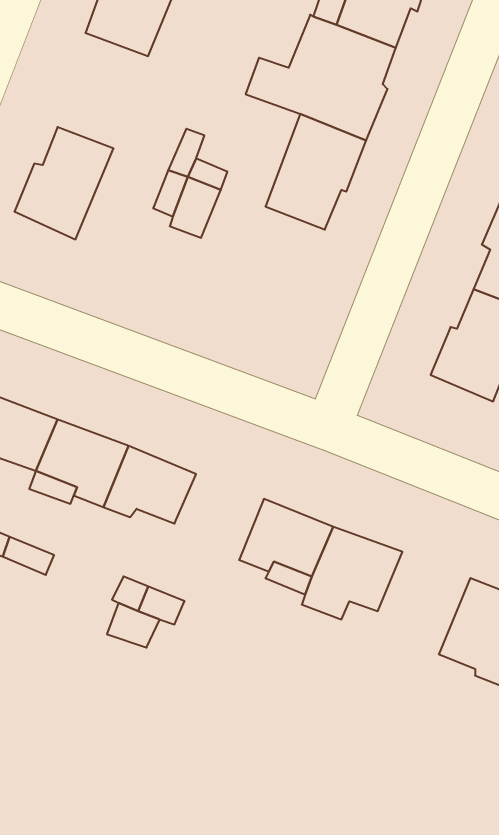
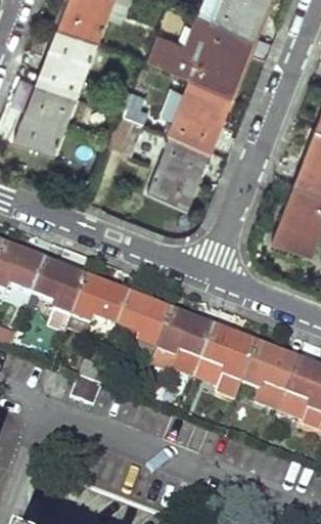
building: none -> [44,20,100,92]
building: none -> [150,128,210,201]
building: none -> [117,294,172,347]
building: none -> [242,342,300,405]

